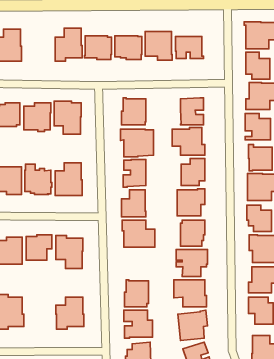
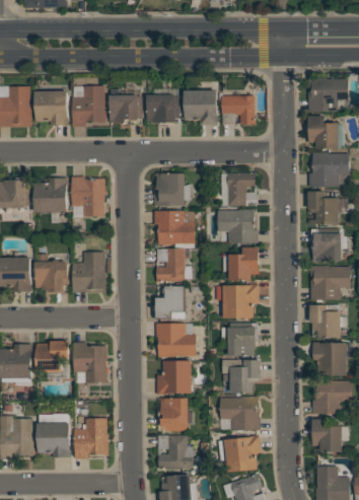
building: none -> [34,91,68,126]
building: none -> [156,361,192,395]
building: none -> [37,414,71,457]

